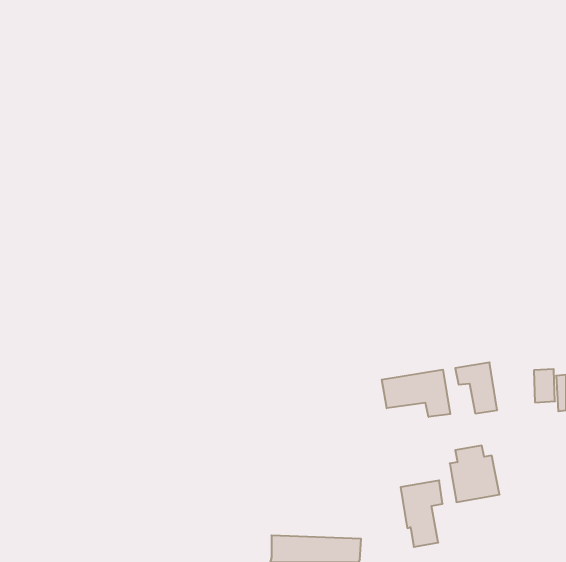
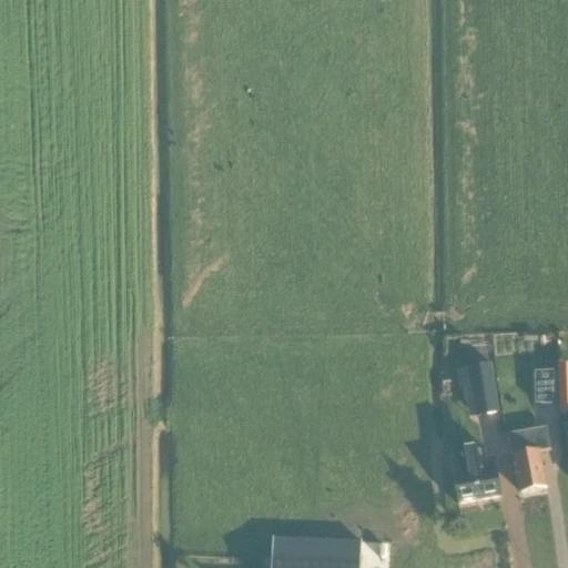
building: [382,370,450,417] -> none
building: [401,480,443,547] -> [507,425,549,491]

